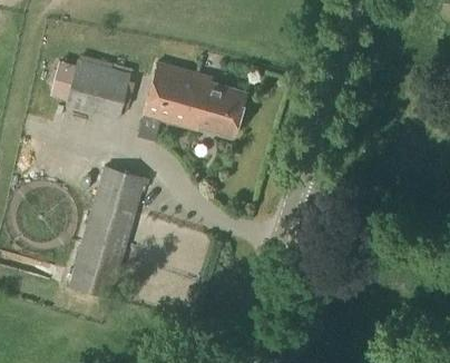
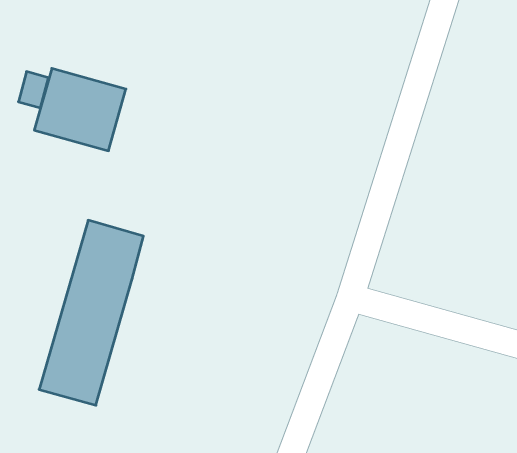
building: [143,62,246,136] -> none

